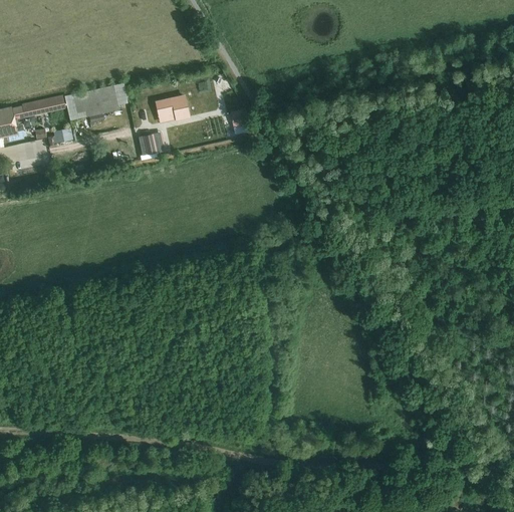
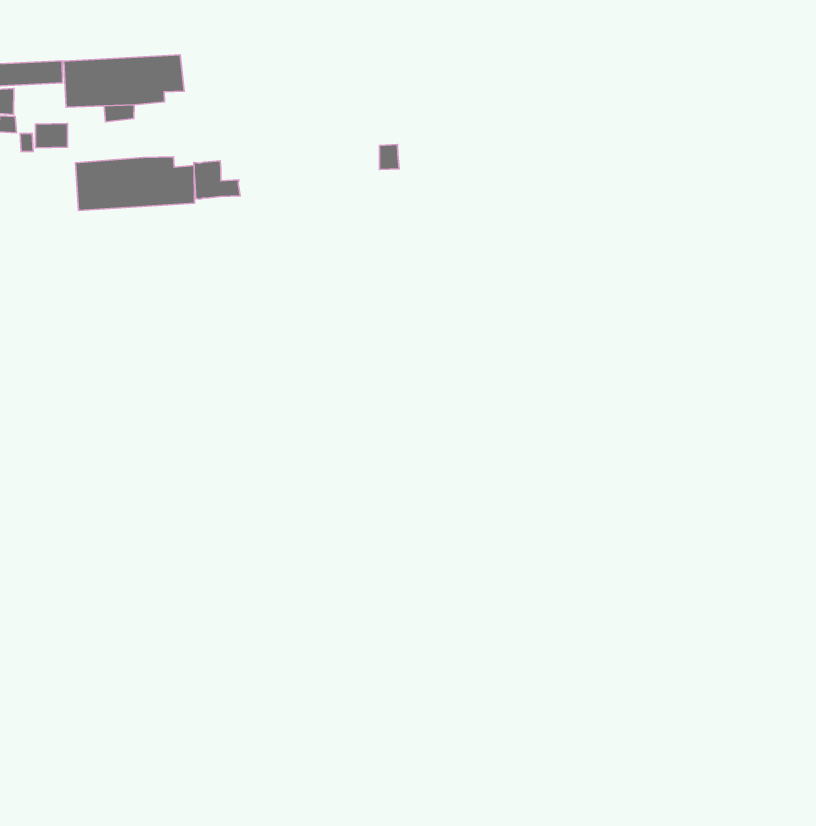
building: [157,95,189,116] -> none
building: none -> [75,157,195,210]

